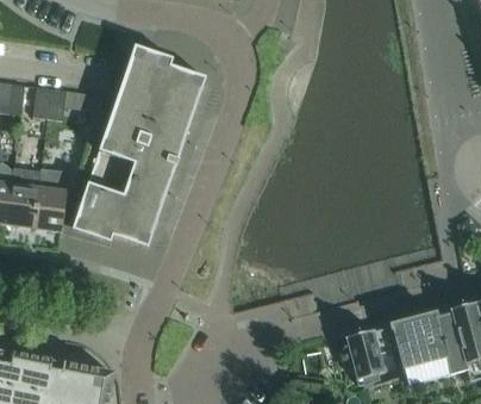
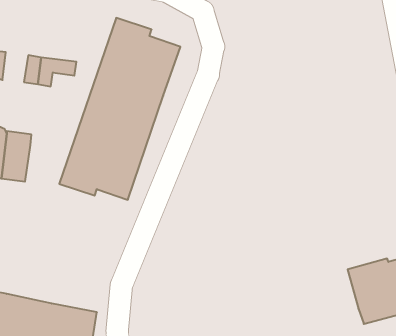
building: [33,167,71,230] -> none
building: [345,327,393,384] -> none

